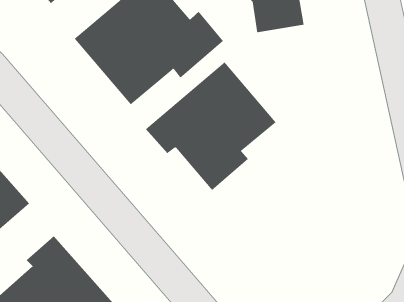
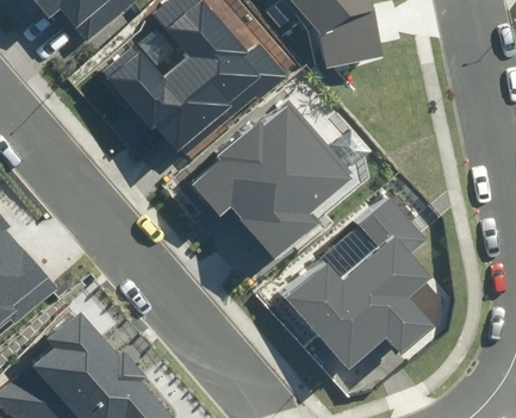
building: none -> [286,198,431,364]

